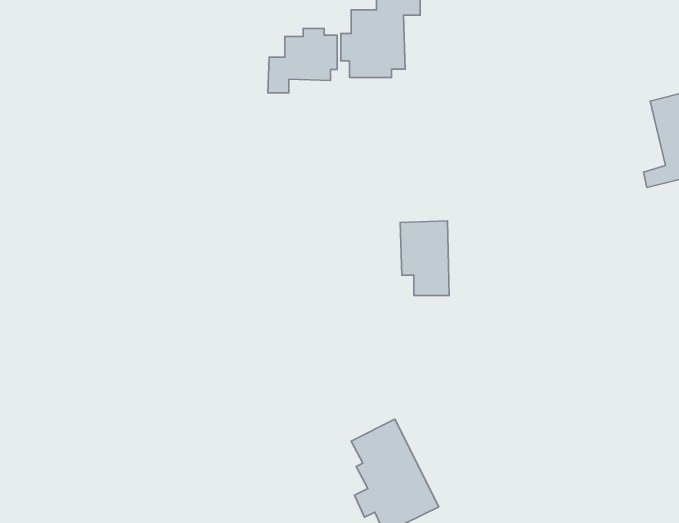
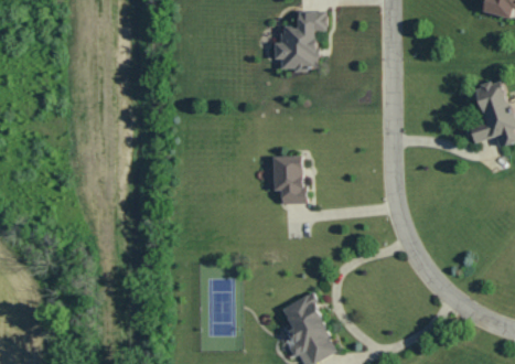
building: [268,28,337,93] -> none
building: [400,221,449,295] -> [272,156,304,204]

